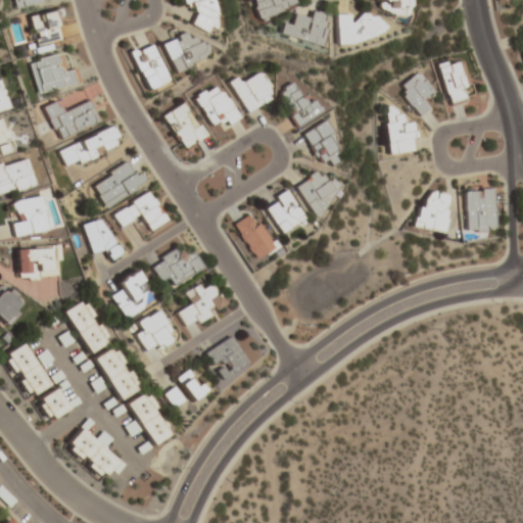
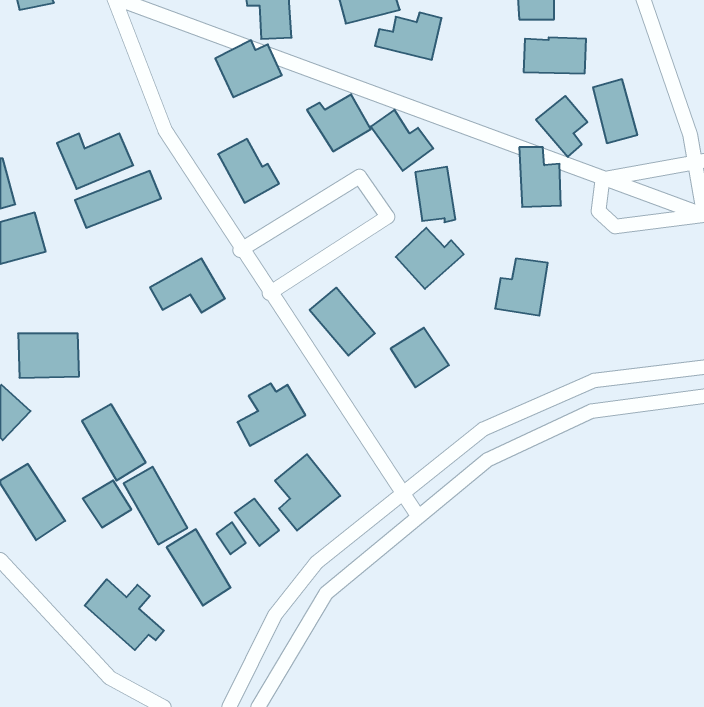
building: [31,7,66,45] -> none
building: [337,12,383,39] -> [524,37,586,73]
building: [133,42,170,90] -> none
building: [32,52,81,93] -> none
building: [195,82,240,126] -> none
building: [93,159,147,206] -> none
building: [467,187,496,230] -> none
building: [265,190,307,234] -> [391,328,449,387]
building: [415,190,454,232] -> [495,259,548,316]
building: [13,194,52,237] -> none
building: [83,216,124,259] -> none
building: [151,245,205,285] -> none
building: [112,268,151,318] -> none
building: [137,307,180,355] -> none
building: [36,386,72,421] -> [83,480,131,528]

